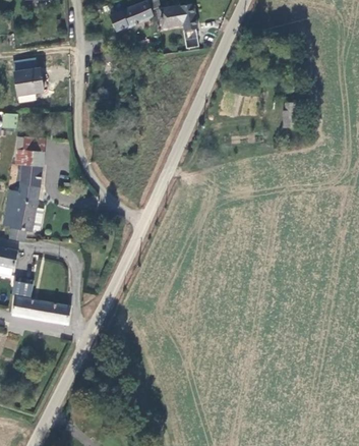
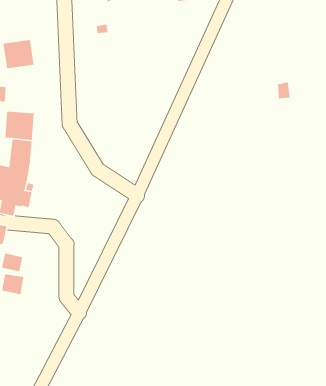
building: [31,300,71,325] -> none

